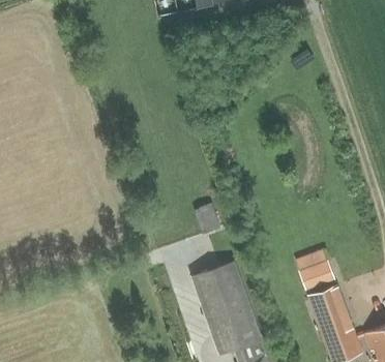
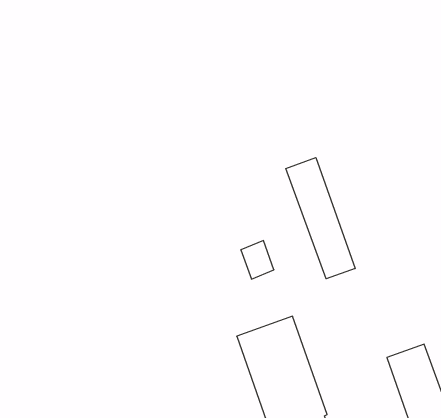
building: none -> [286,158,355,279]
building: [299,261,334,291] -> none

